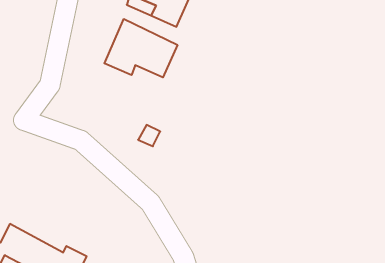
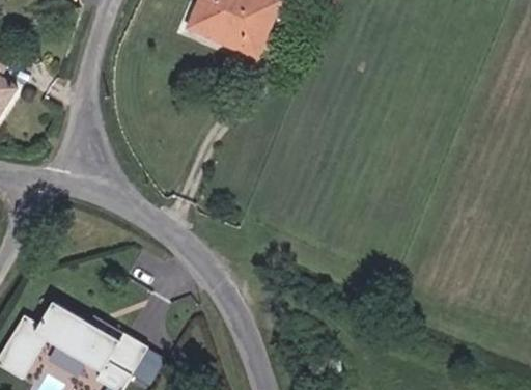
building: [104,19,177,77] -> none

